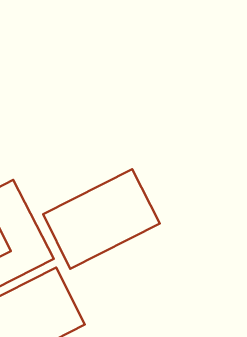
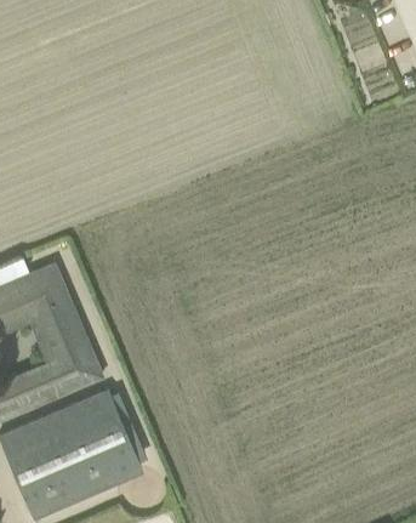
building: [43,169,160,269] -> none

